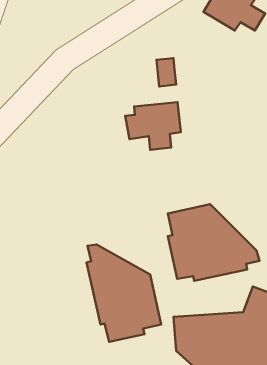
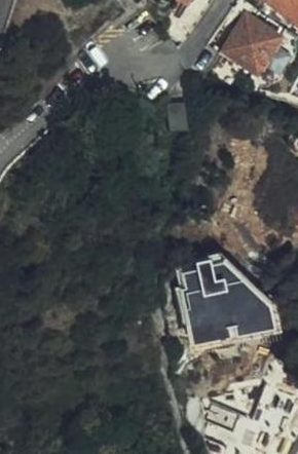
building: [125,102,181,150] -> none
building: [86,244,161,342] -> none

